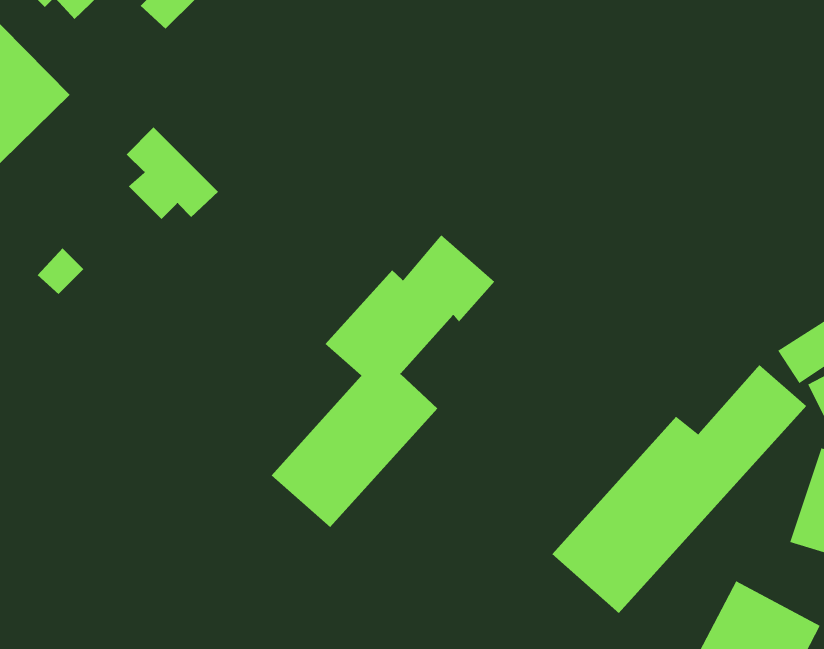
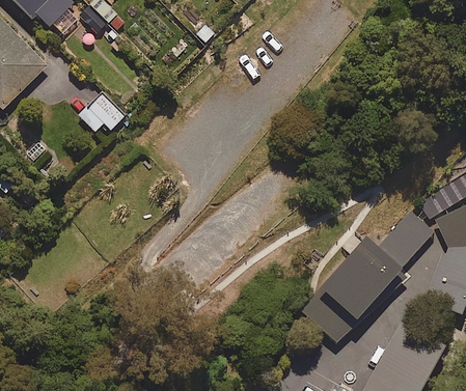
building: [271,234,495,528] -> none

